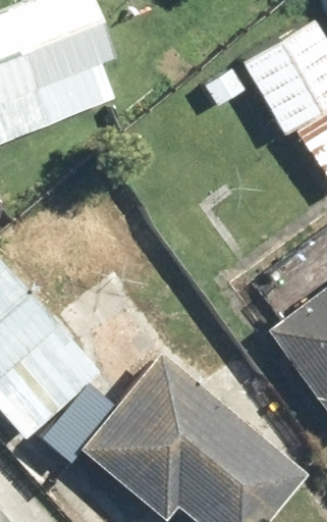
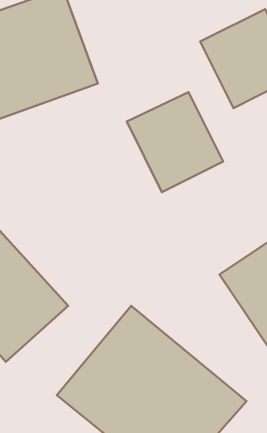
building: none -> [127,92,223,192]

